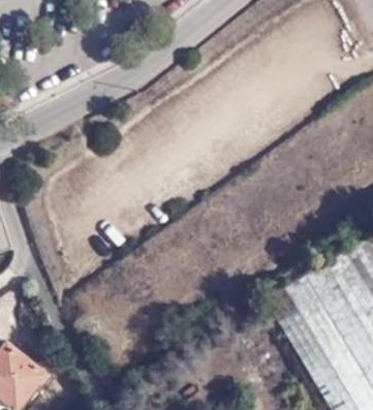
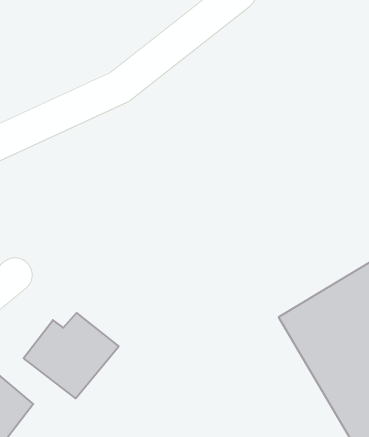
building: none -> [24,313,119,398]

